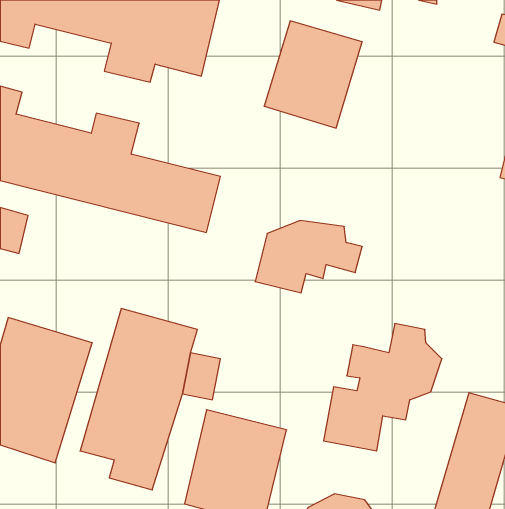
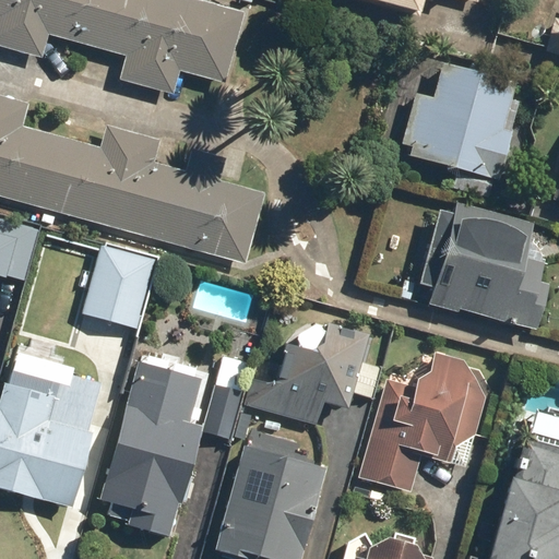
building: [264,21,362,128] -> [411,58,518,175]
building: none -> [426,209,538,332]
building: none -> [85,238,159,324]
building: [255,221,362,293] -> [265,337,382,416]

